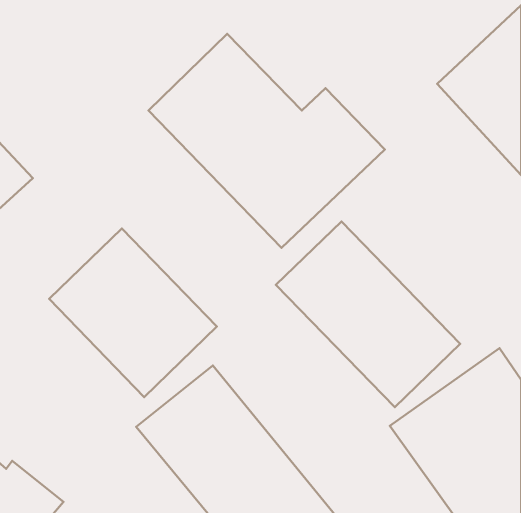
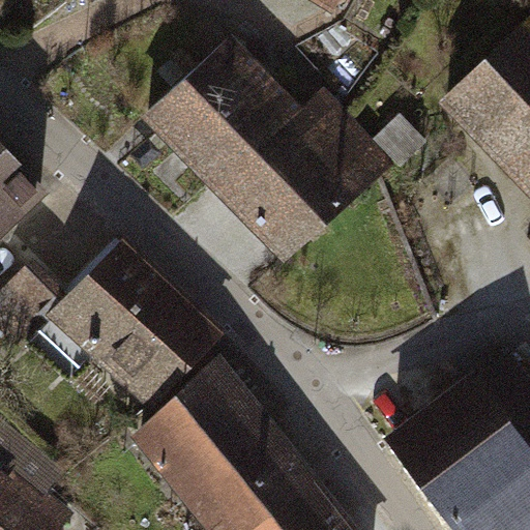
building: [276,222,460,407] -> none

